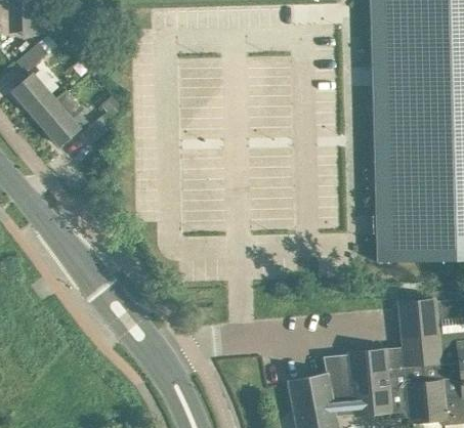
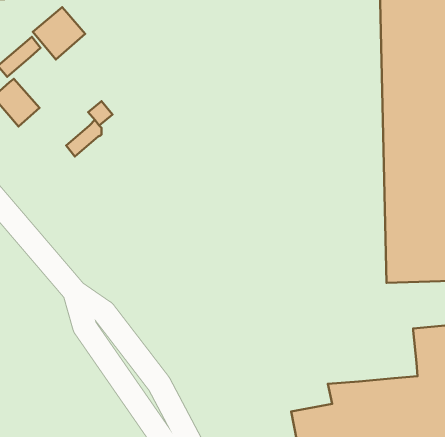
building: none -> [33,7,85,59]
building: [36,92,87,146] -> none

